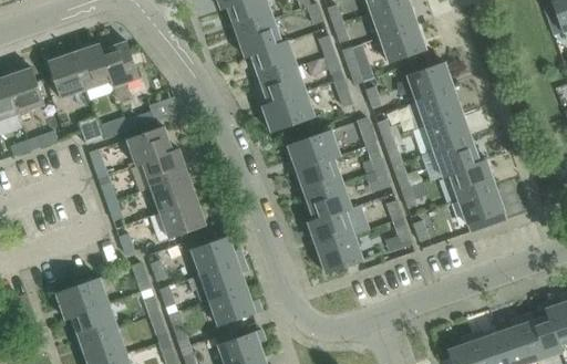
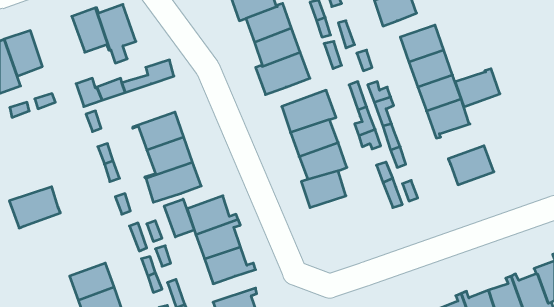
building: [48,53,87,100] -> none
building: [126,126,179,166] -> none
building: [449,159,494,198] -> [455,69,500,107]
building: [317,236,363,274] -> none
building: none -> [164,199,194,237]
building: [56,278,109,320] -> [9,187,60,228]

